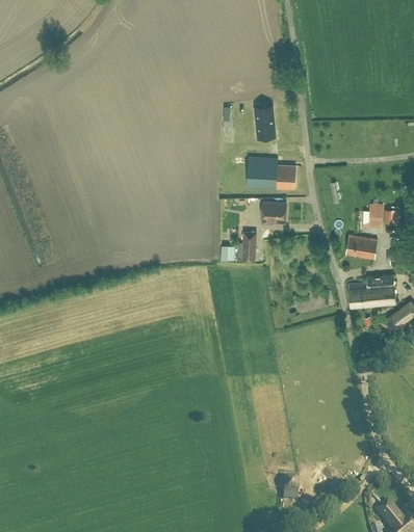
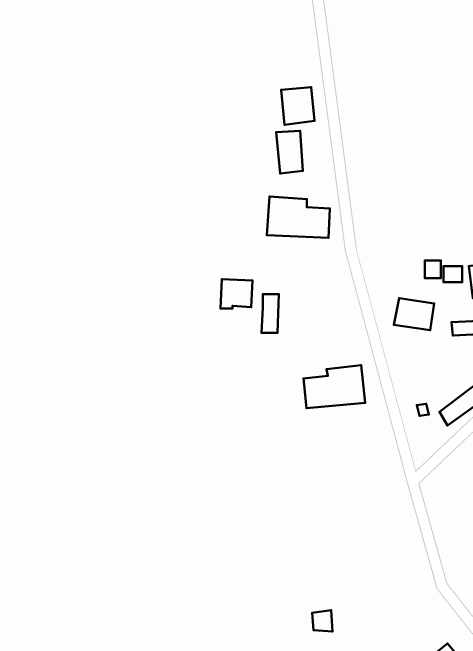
building: none -> [281,87,314,125]
building: [261,201,286,223] -> [220,279,253,309]
building: [348,273,396,307] -> [304,365,365,408]

